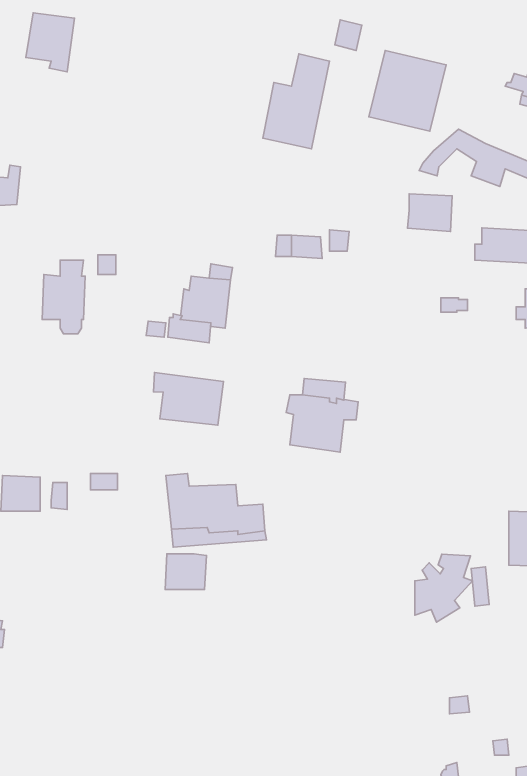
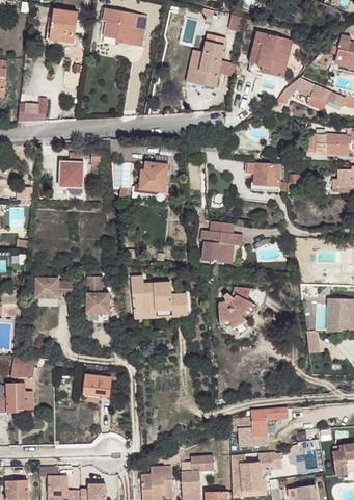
building: none -> [104,8,147,47]
building: [407,194,452,232] -> [254,164,280,186]
building: [154,373,224,425] -> none
building: [165,554,206,590] -> [86,293,110,314]
building: [415,554,472,622] -> [219,287,252,326]
building: none -> [83,371,112,397]
building: none -> [251,406,289,436]

